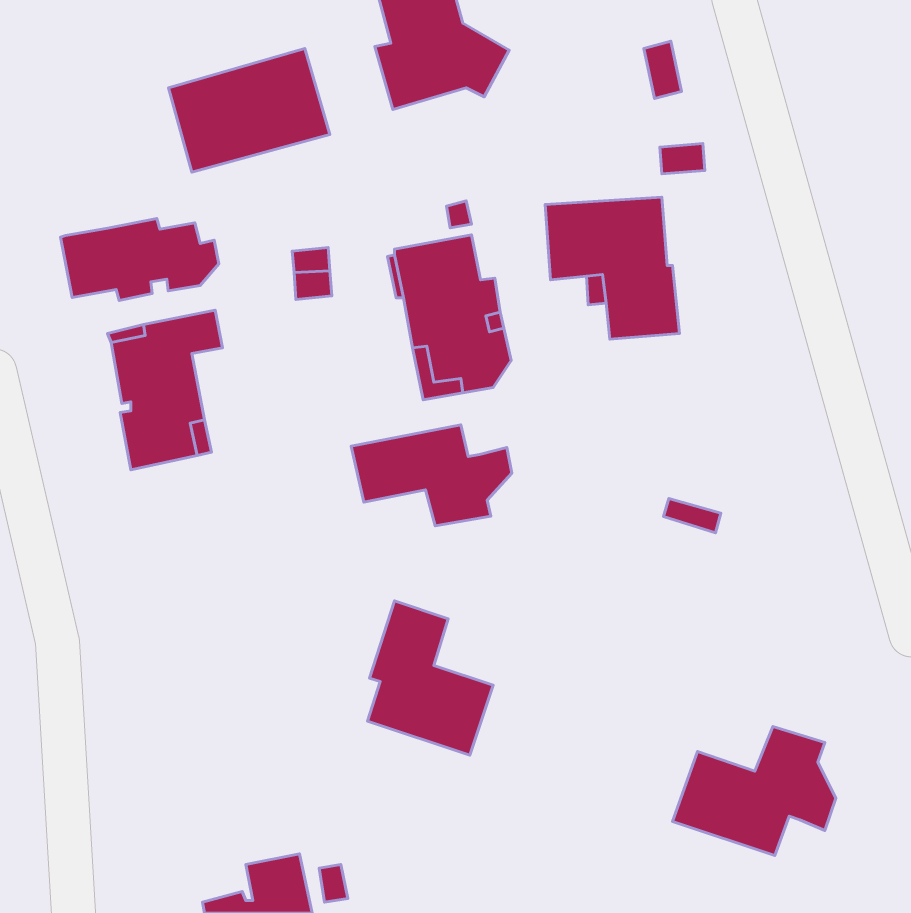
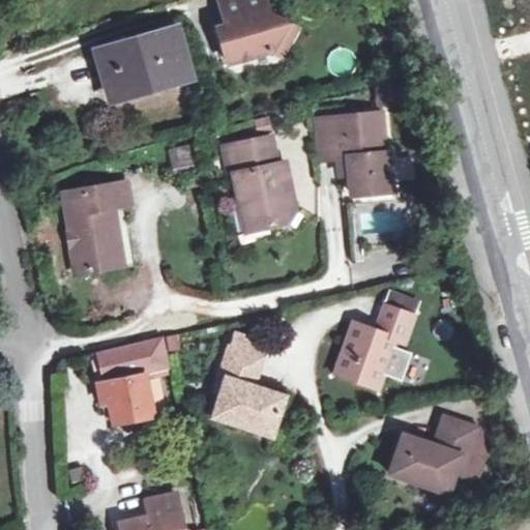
building: [60,218,219,301] -> none
building: [351,425,512,526] -> none
building: none -> [335,305,415,388]
building: none -> [98,335,165,423]

